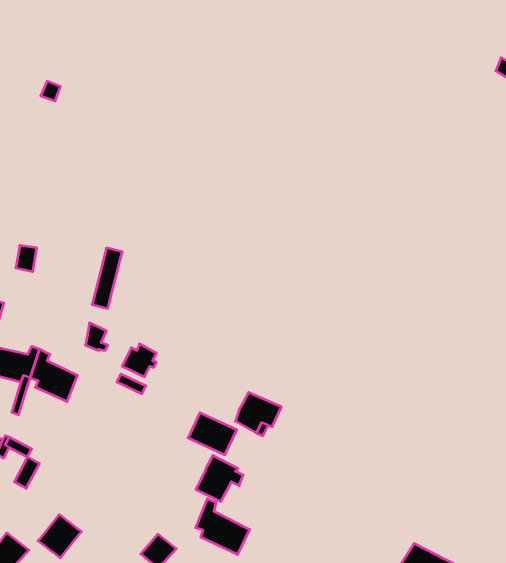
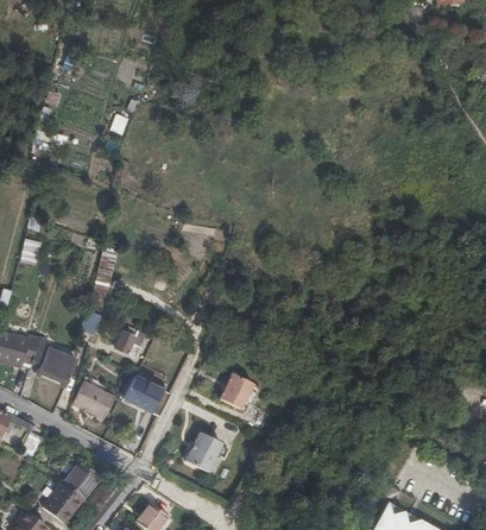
building: none -> [67,379,114,419]
building: [188,413,237,455] -> [125,377,169,415]
building: none -> [58,459,95,496]
building: [196,499,250,555] -> none

